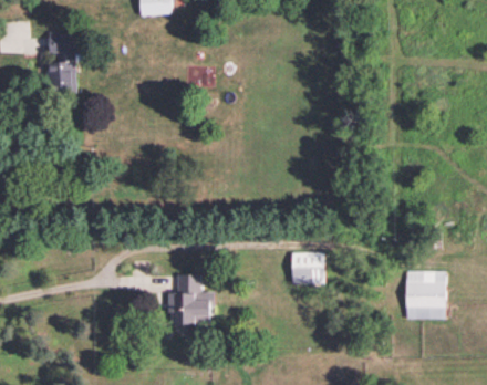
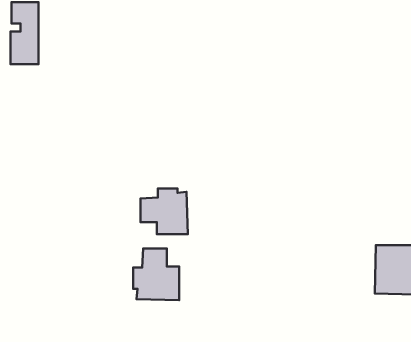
building: none -> [140,189,188,234]
building: [291,252,325,284] -> none

